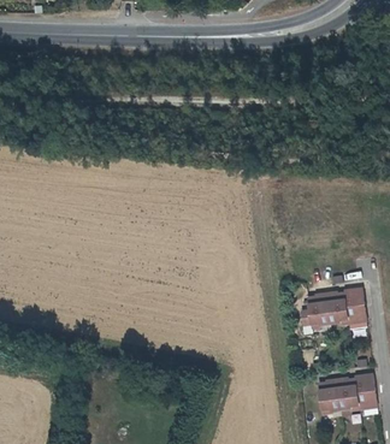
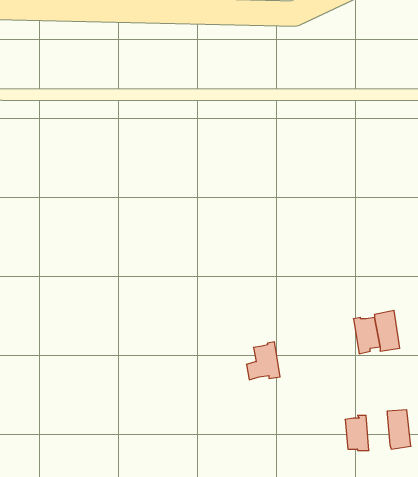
building: [302,297,331,330] -> [246,342,280,380]
building: [337,379,358,410] -> none

